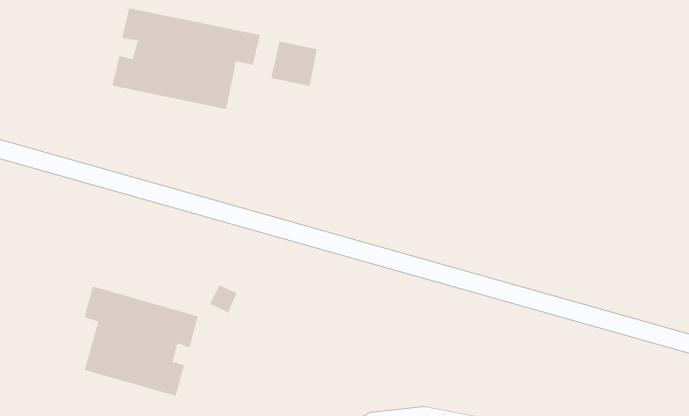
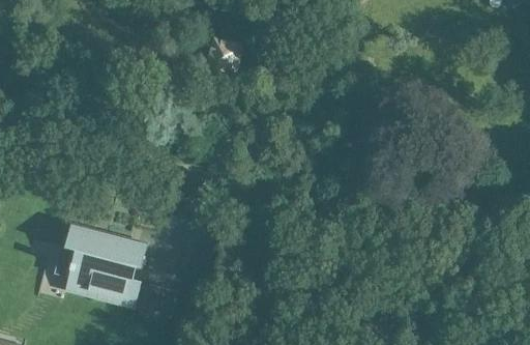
building: [112,7,261,110] -> none

